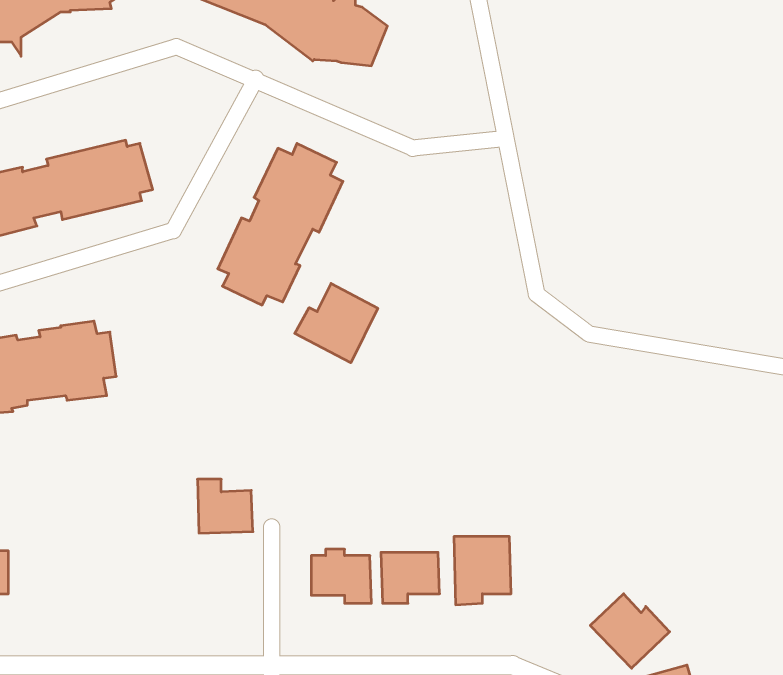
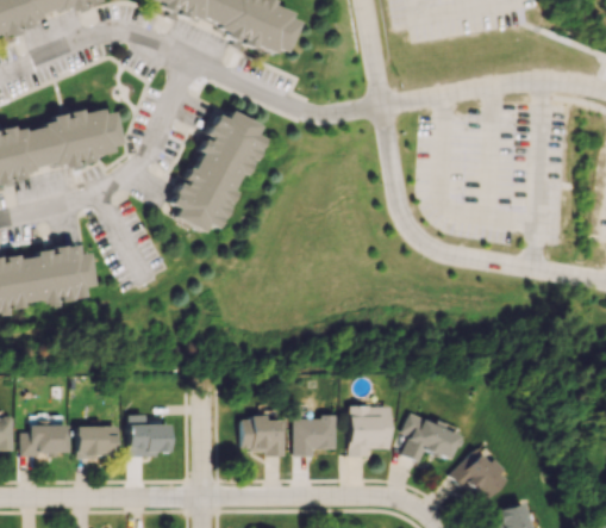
building: [295,283,378,363] -> none
building: [197,479,253,533] -> [129,415,170,455]
building: none -> [402,414,461,461]
building: none -> [21,424,68,454]
building: none -> [77,425,118,455]

